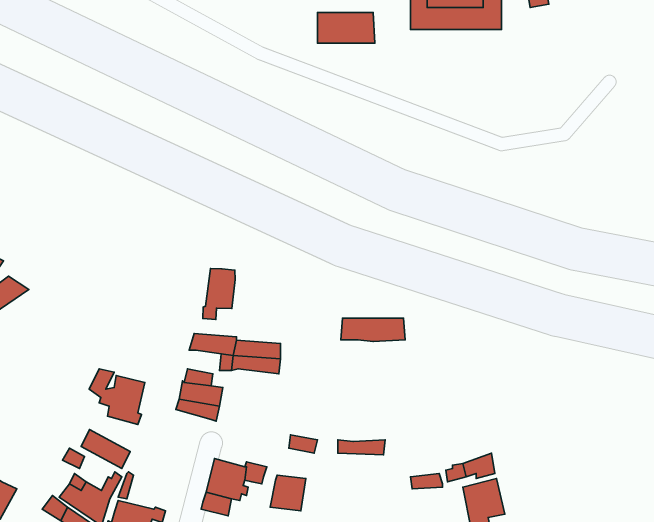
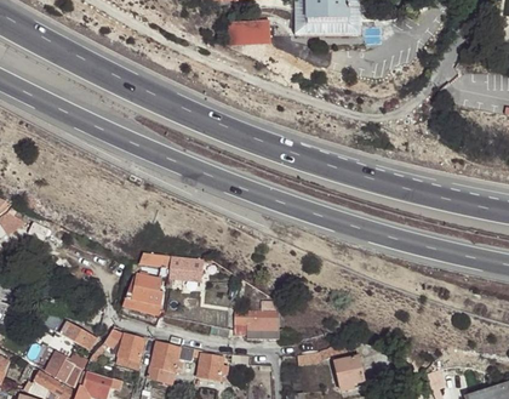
building: [203,269,235,319] -> none
building: [341,318,405,342] -> [233,312,279,329]
building: [89,369,145,425] -> [104,327,144,367]

